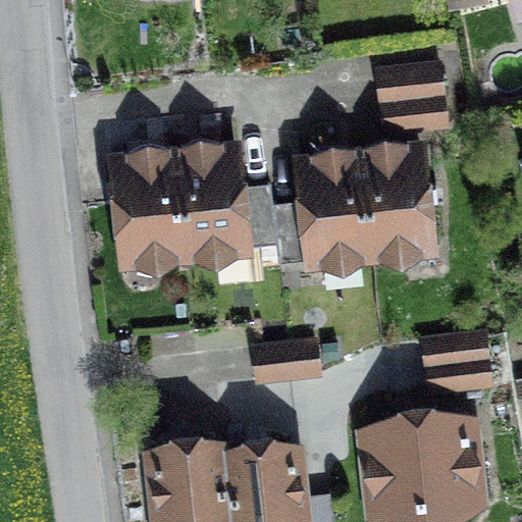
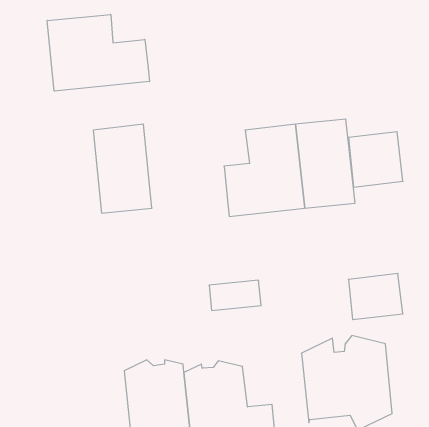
building: none -> [47,14,150,91]
building: [378,64,445,132] -> [348,132,403,187]
building: [174,147,276,255] -> none

